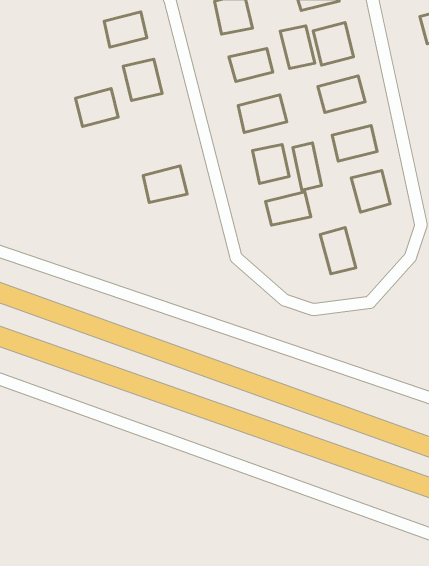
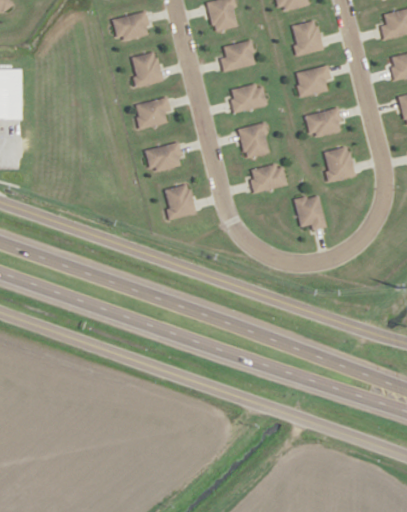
building: [280,26,315,69] -> none
building: [75,89,118,127] -> [135,96,171,128]
building: [293,143,322,190] -> none
building: none -> [162,183,196,220]

